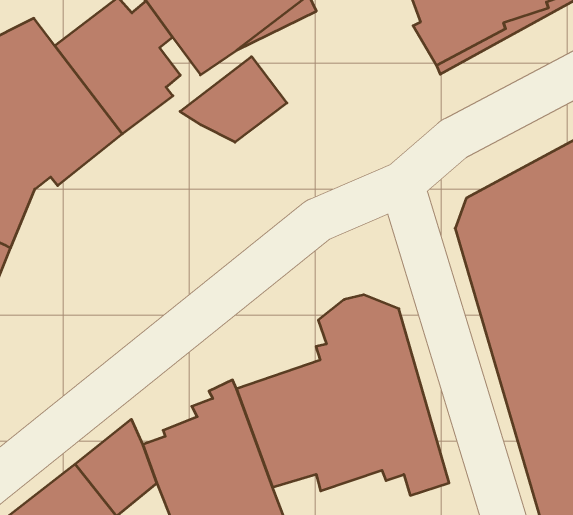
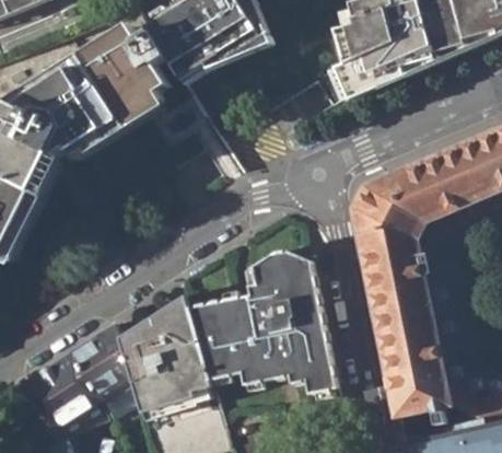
building: [180,57,287,142] -> none

